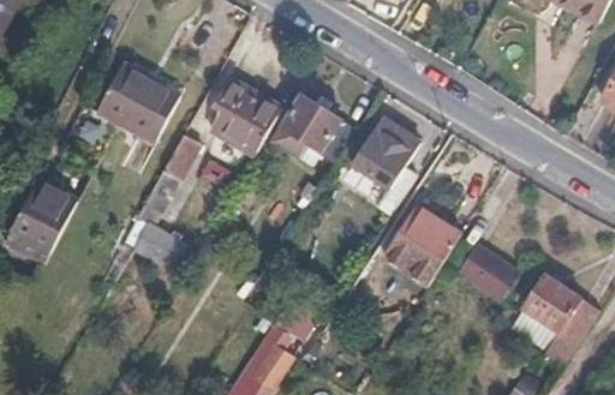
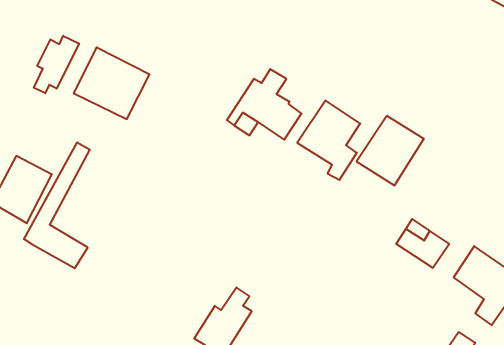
building: none -> [34,36,79,93]
building: [207,77,280,156] -> none
building: [121,136,195,275] -> [24,142,90,268]
building: [384,209,459,286] -> [357,116,424,185]

